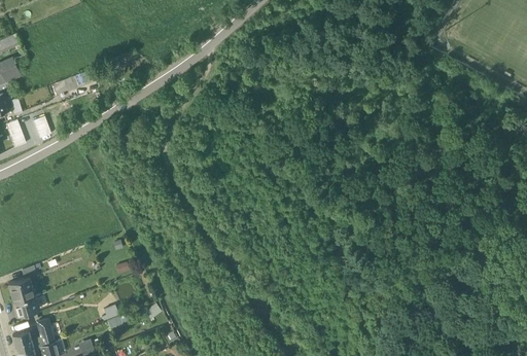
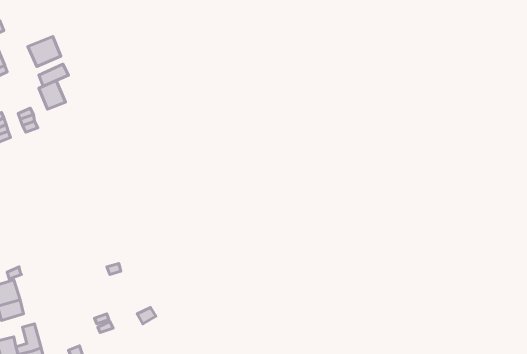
building: none -> [28,37,61,67]
building: none -> [39,81,66,109]

